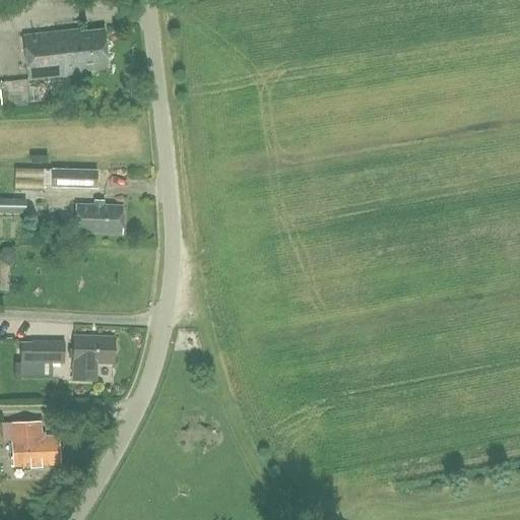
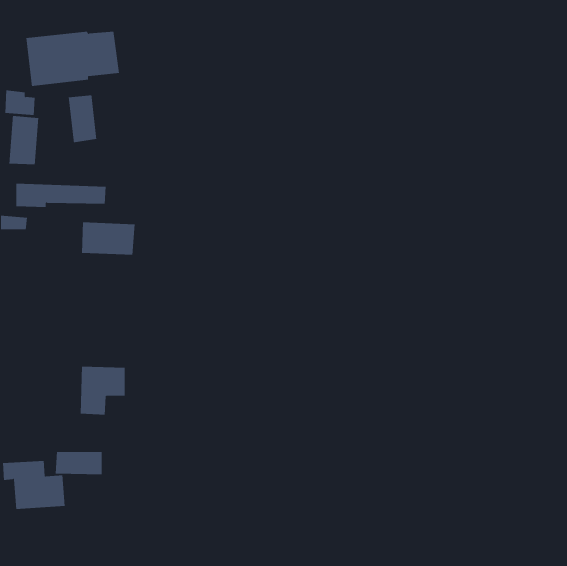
building: none -> [68,94,97,143]
building: none -> [9,115,39,165]
building: [20,341,64,363] -> [55,452,103,475]

